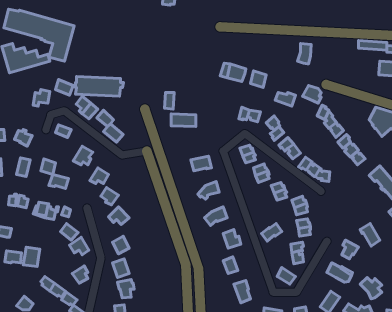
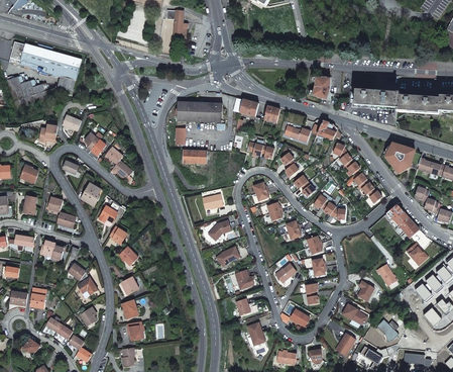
building: none -> [354,89,397,107]
building: [75,77,123,96] -> [176,102,225,122]

